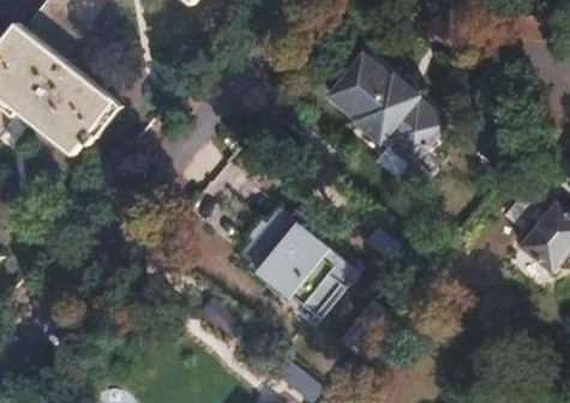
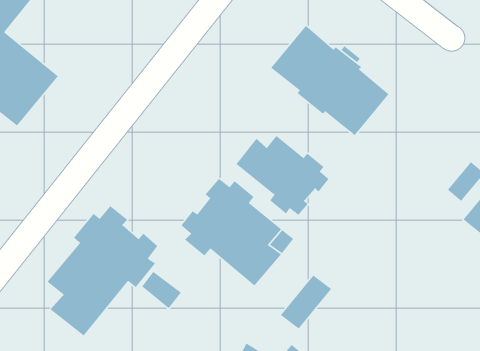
building: none -> [236,135,329,216]
building: none -> [47,205,158,337]

